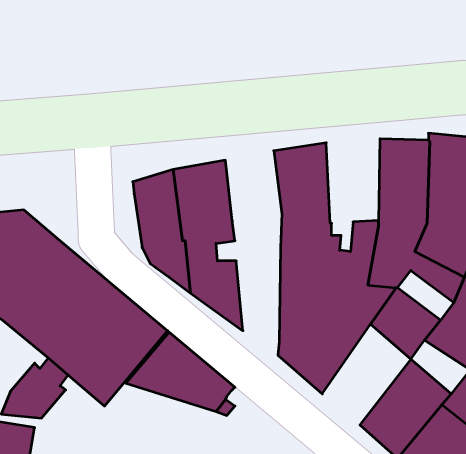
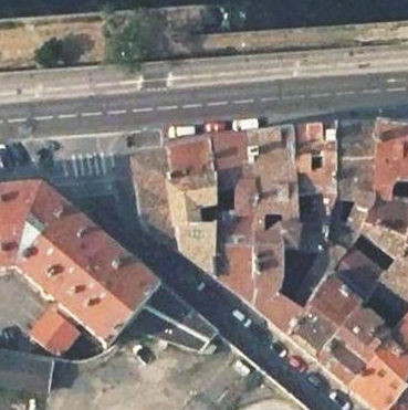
building: none -> [291,124,335,193]
building: none -> [208,134,254,302]
building: none -> [287,276,360,359]

